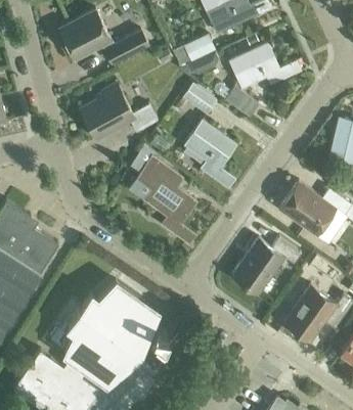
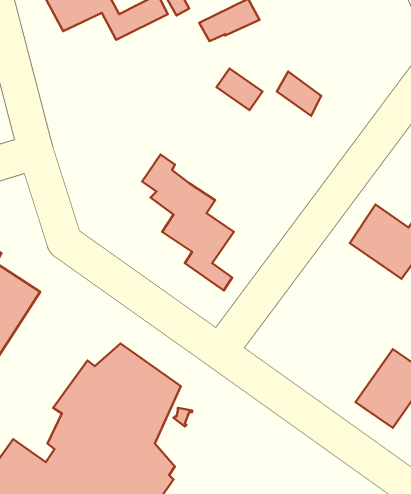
building: [229,43,301,88] -> none
building: [81,85,159,140] -> none
building: [186,121,236,186] -> none
building: [232,237,301,294] -> none

